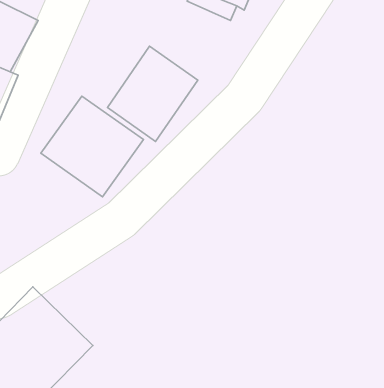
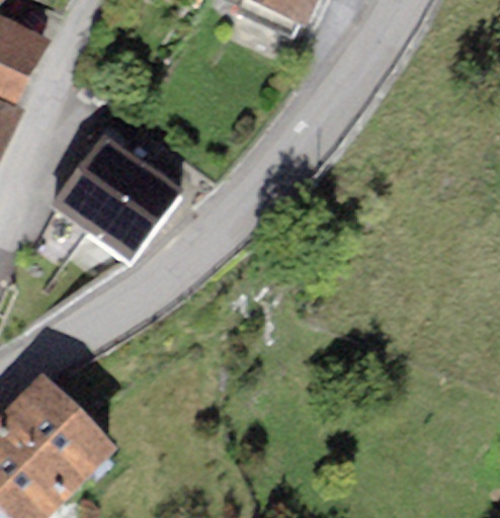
building: [107,46,198,141] -> none

